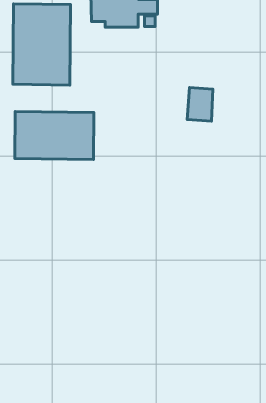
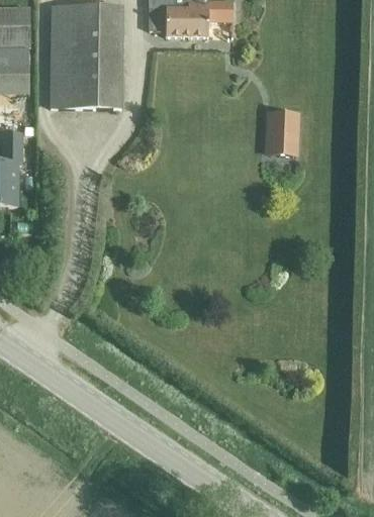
building: [15,112,94,159] -> none

